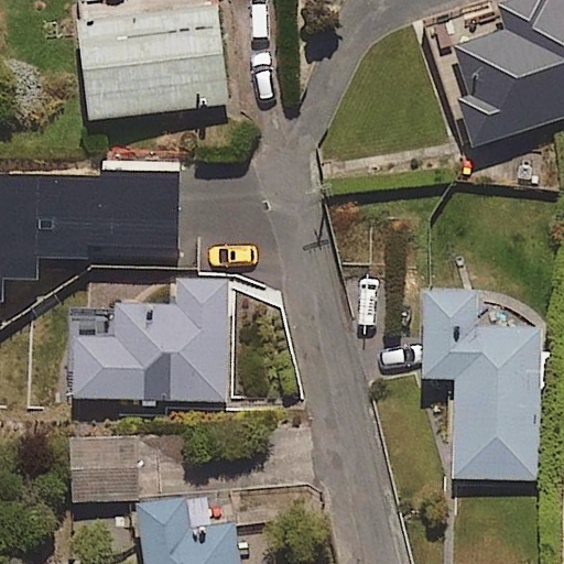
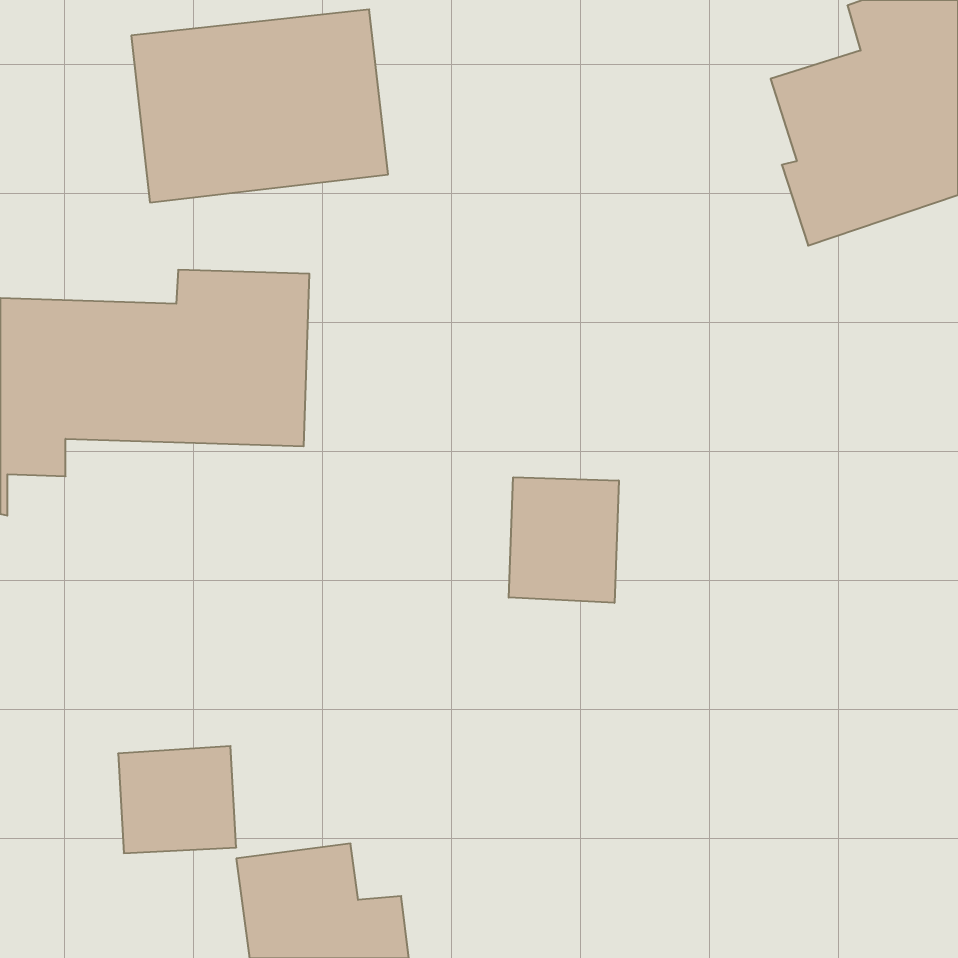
building: [75,278,228,400] -> none
building: none -> [509,477,619,603]
building: [422,292,542,480] -> none

